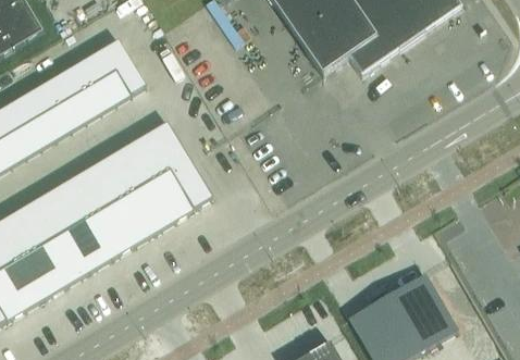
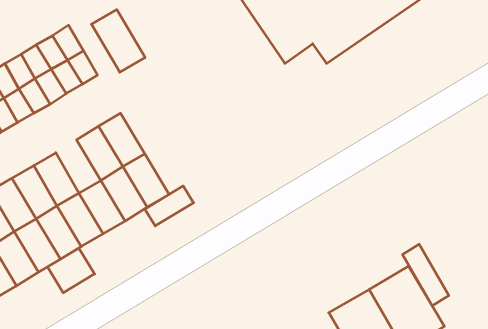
building: none -> [91,10,145,72]
building: [104,147,147,197] -> none
building: none -> [145,186,194,226]
building: none -> [403,244,449,306]
building: none -> [48,248,95,293]

